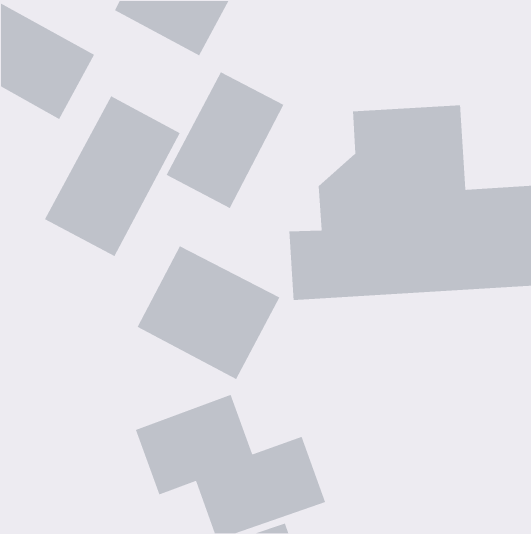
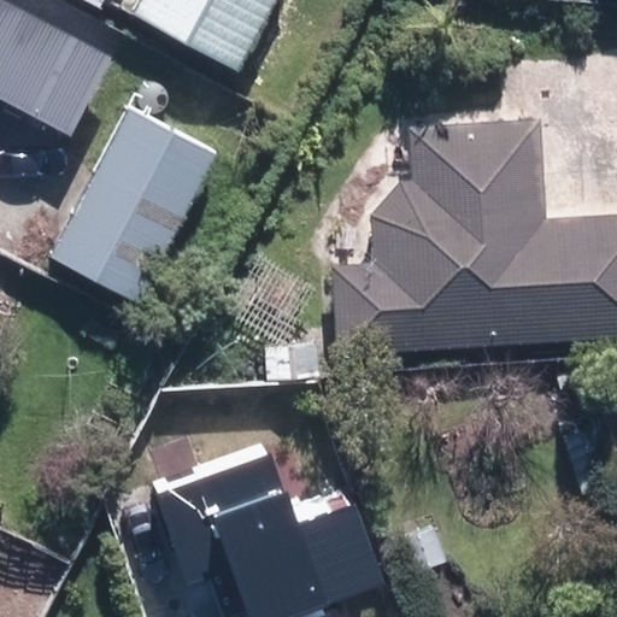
building: [166,71,284,209] -> none
building: [136,245,280,380] -> none

